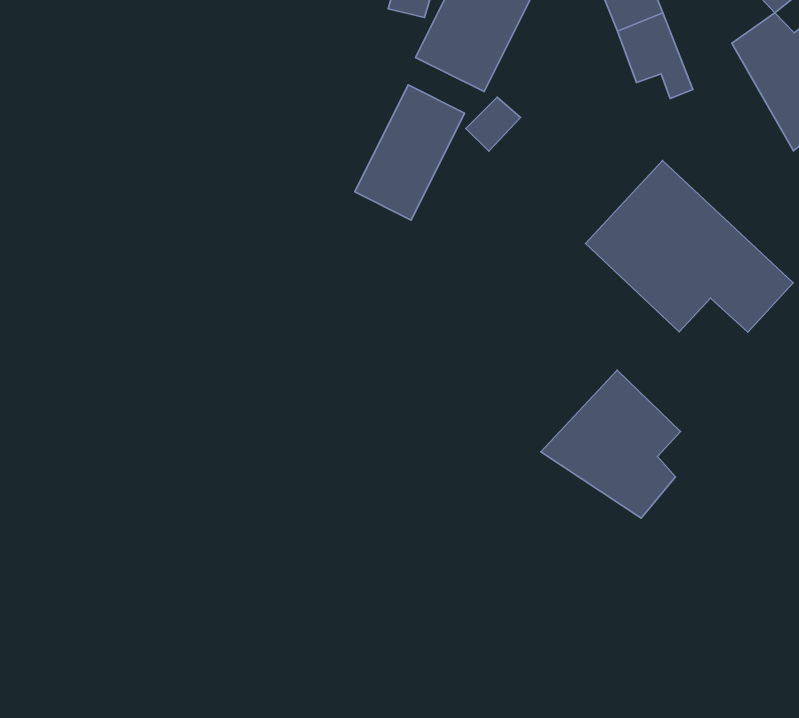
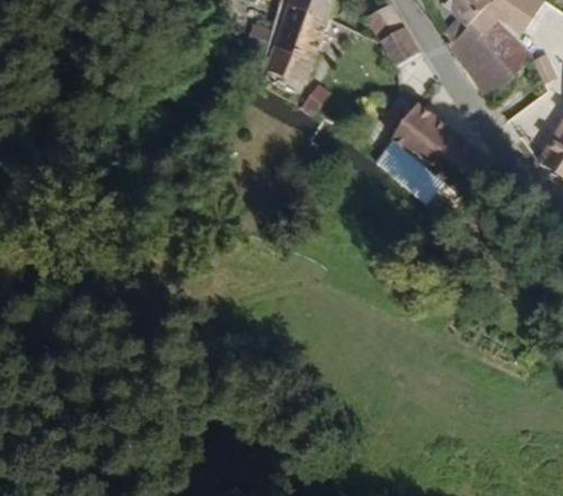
building: [355,85,465,220] -> none
building: [541,370,681,518] -> none

